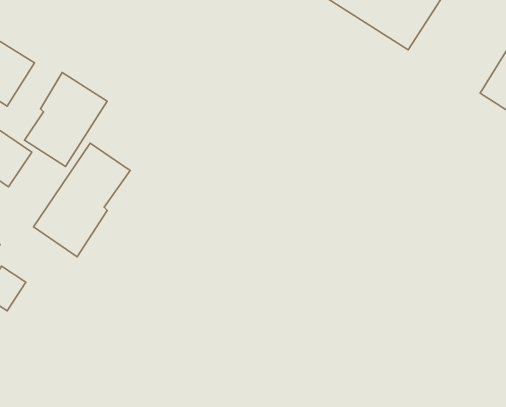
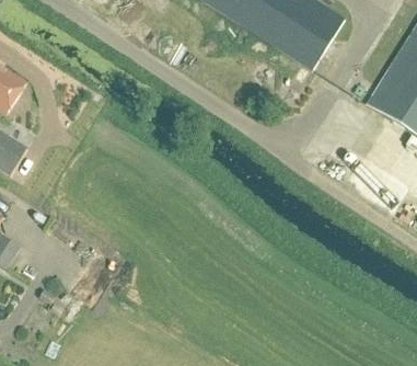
building: [25,72,107,166] -> none
building: [33,143,130,257] -> none

